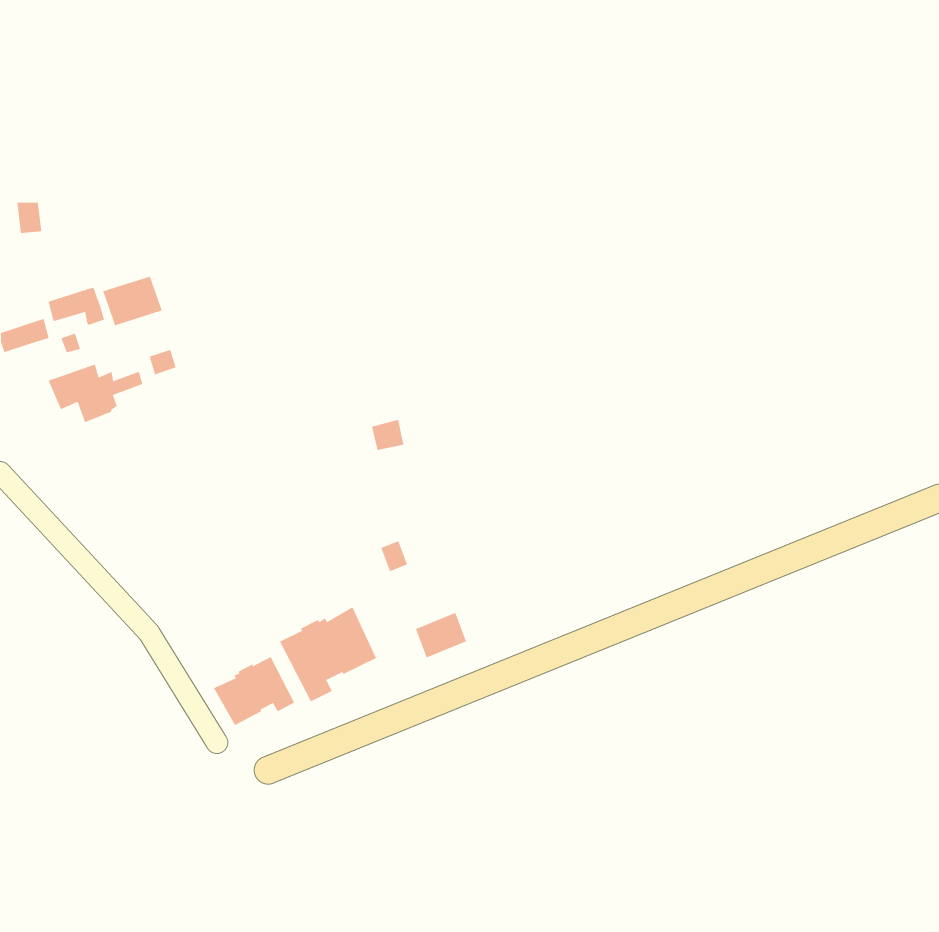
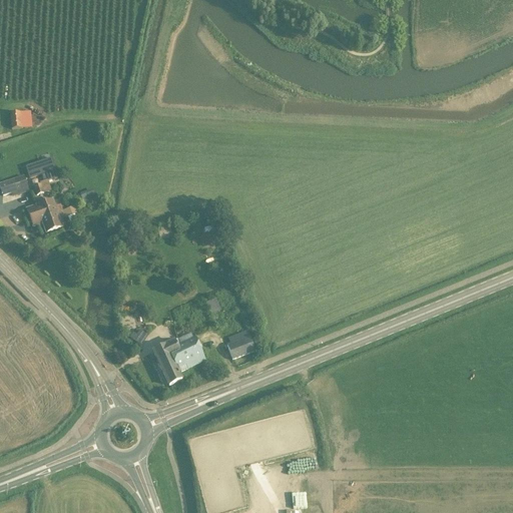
building: [102,276,162,326] -> none
building: [213,656,295,726] -> none

